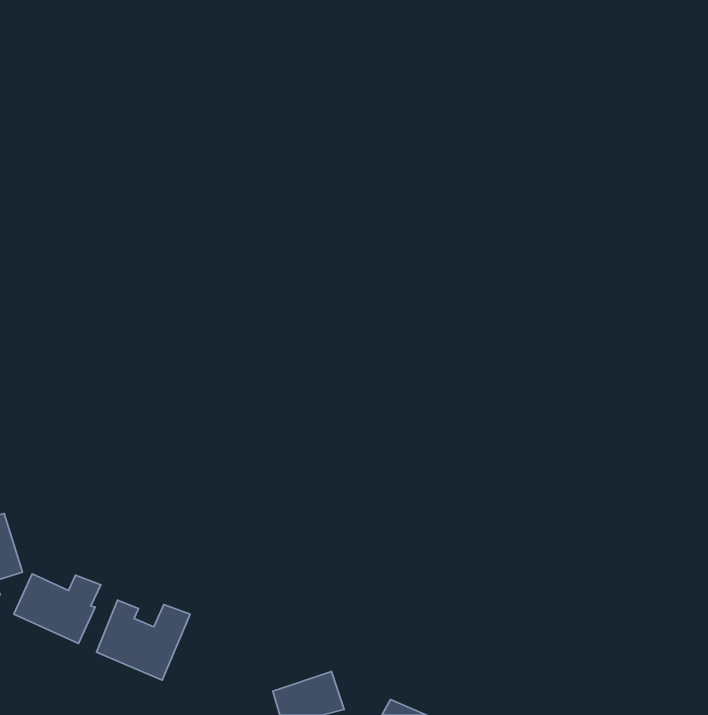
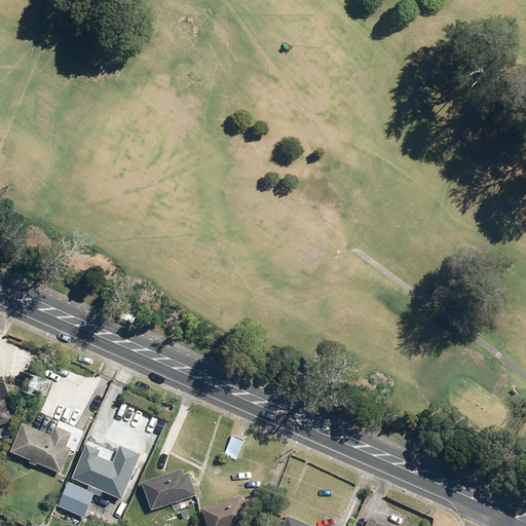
building: none -> [140,467,195,512]
building: none -> [54,481,90,518]

